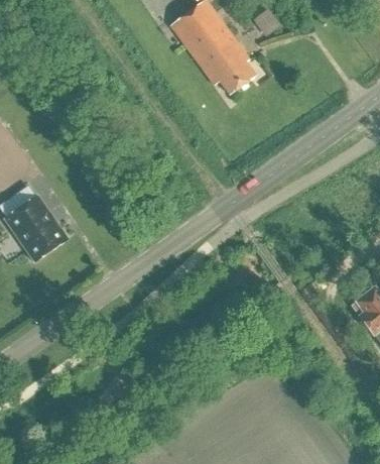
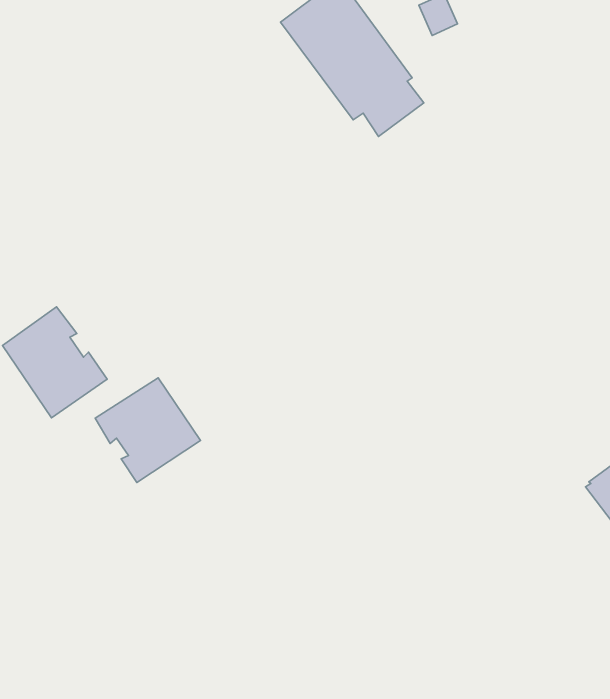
building: none -> [95,378,201,483]

